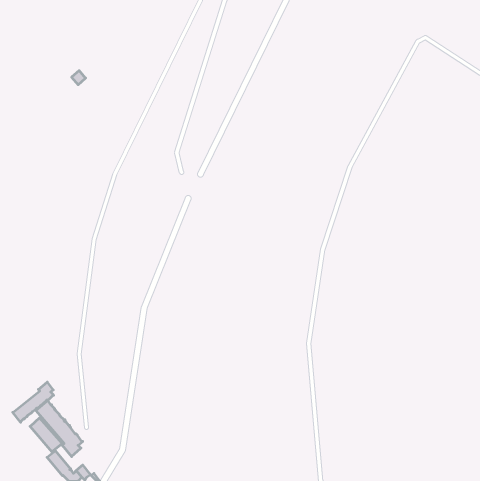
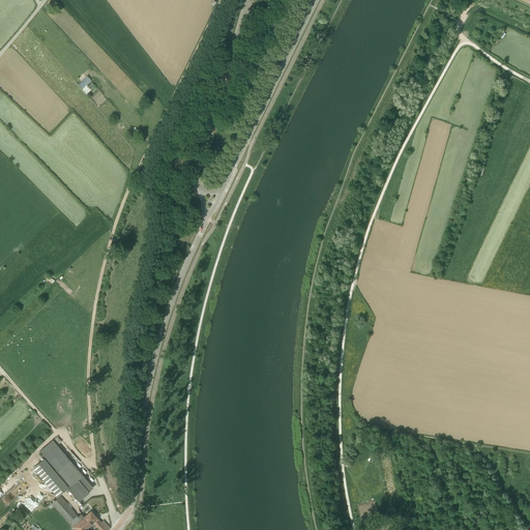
building: [13,382,54,422] -> none

